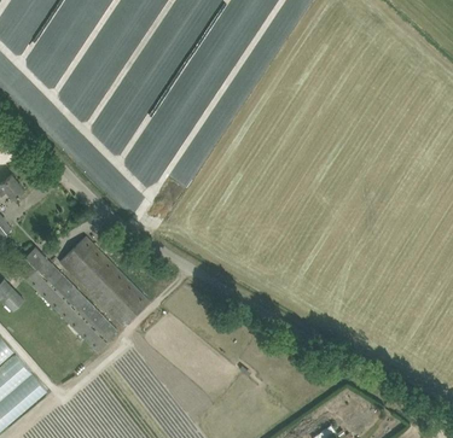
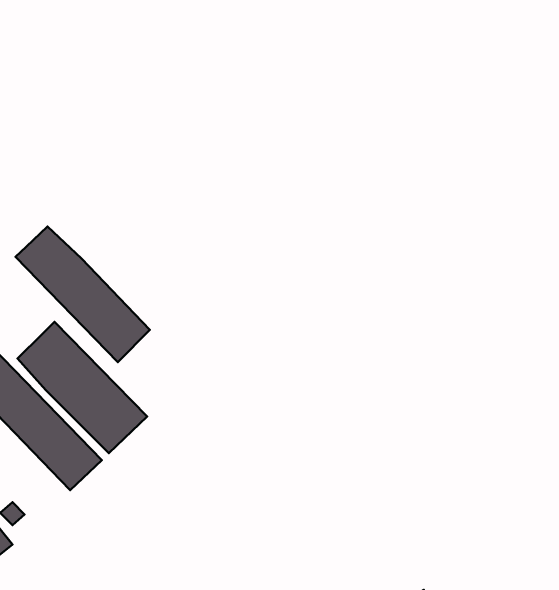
building: none -> [16,226,150,362]

